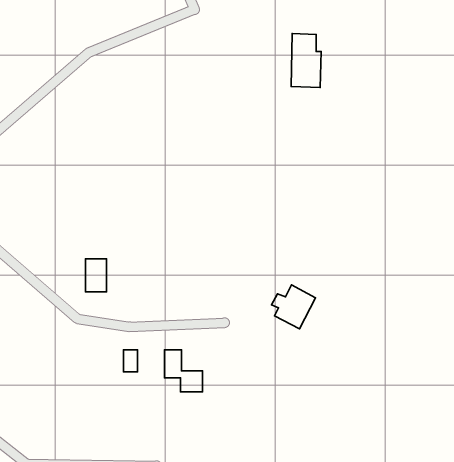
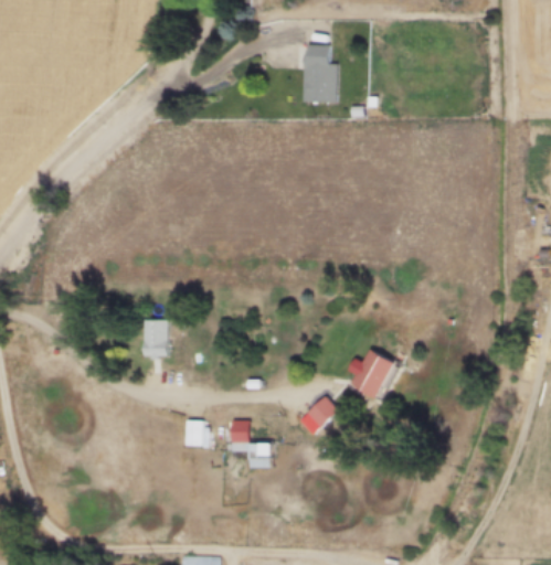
building: [291,34,321,88] -> [301,43,335,103]
building: none -> [308,396,340,428]

